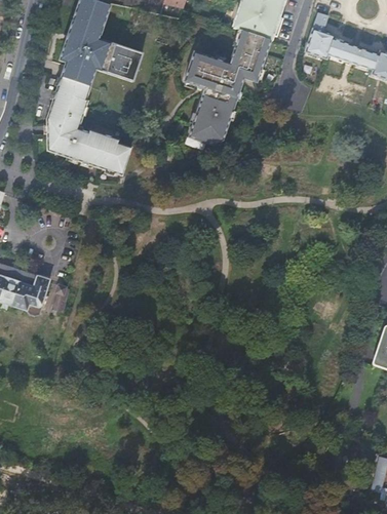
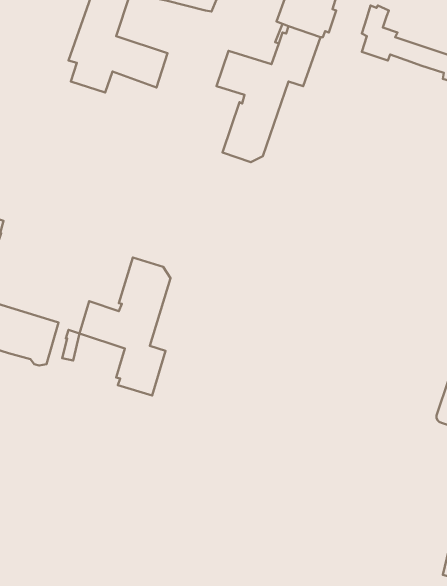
building: [47,76,130,173] -> none
building: none -> [79,258,170,396]

